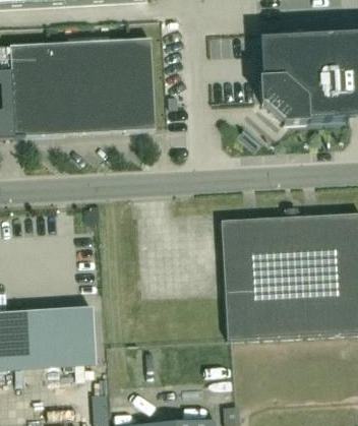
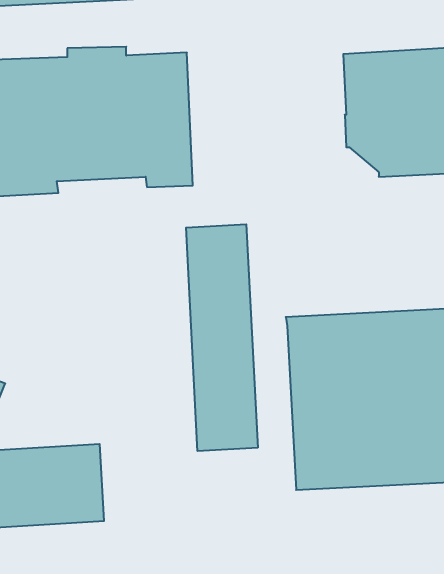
building: none -> [186,224,258,451]

